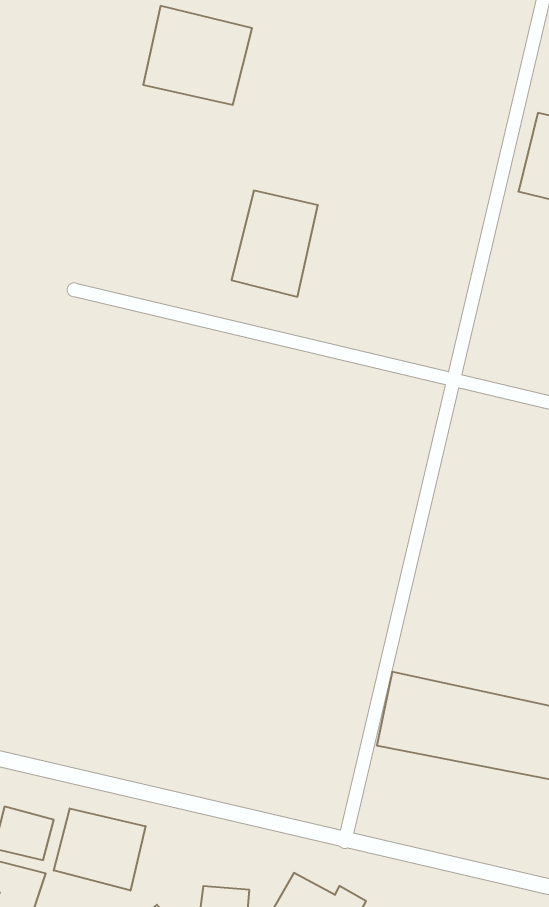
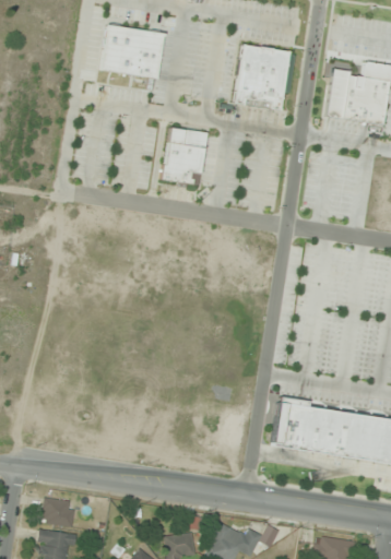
building: none -> [233,43,289,109]
building: [54,808,146,891] -> none

